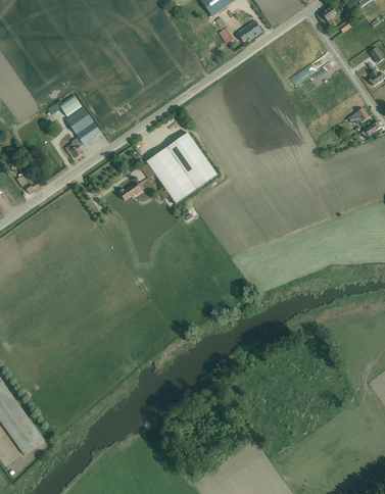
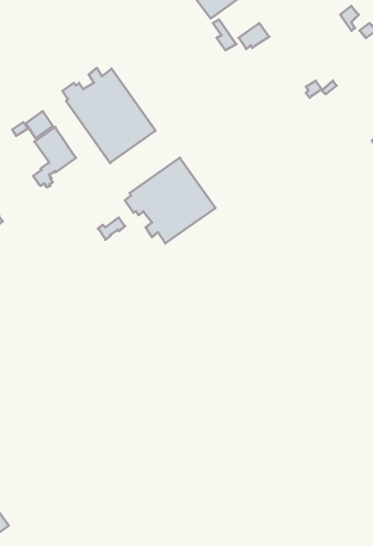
building: none -> [63,68,155,163]

